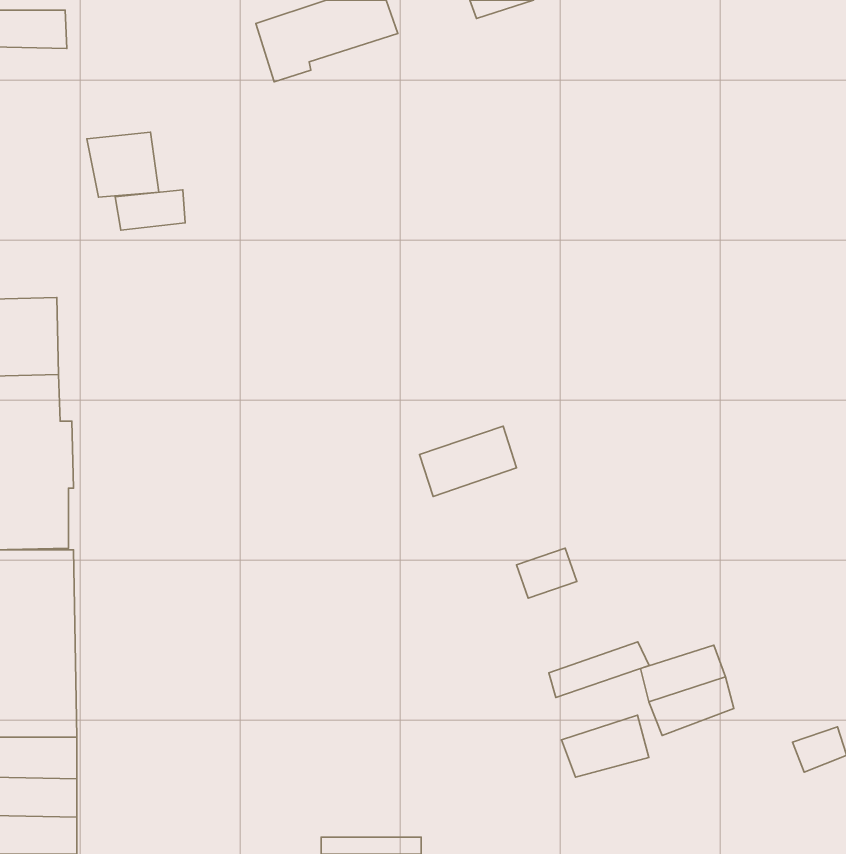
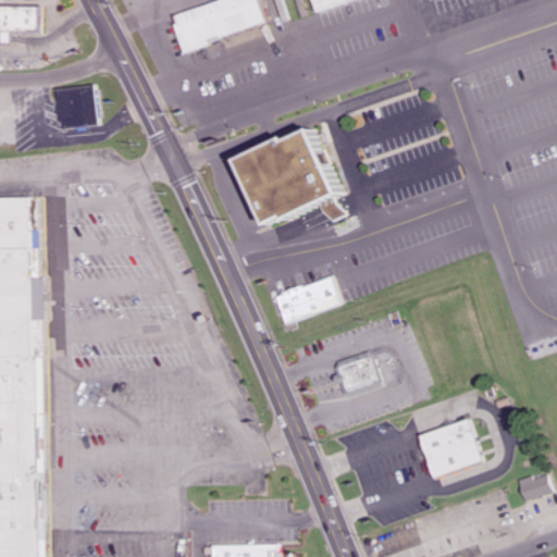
building: [115,190,185,230] -> none
building: none -> [220,128,326,223]
building: [549,642,649,698] -> none
building: [561,715,649,777] -> none

